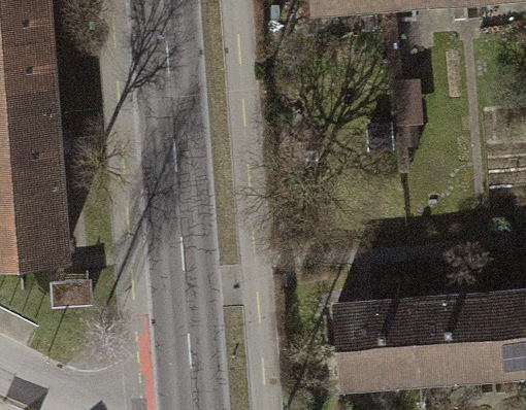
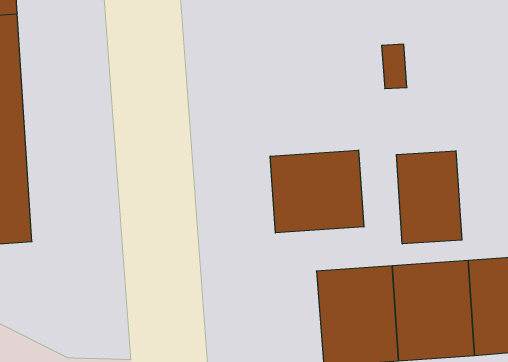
building: none -> [270,150,364,233]
building: none -> [396,151,462,244]

